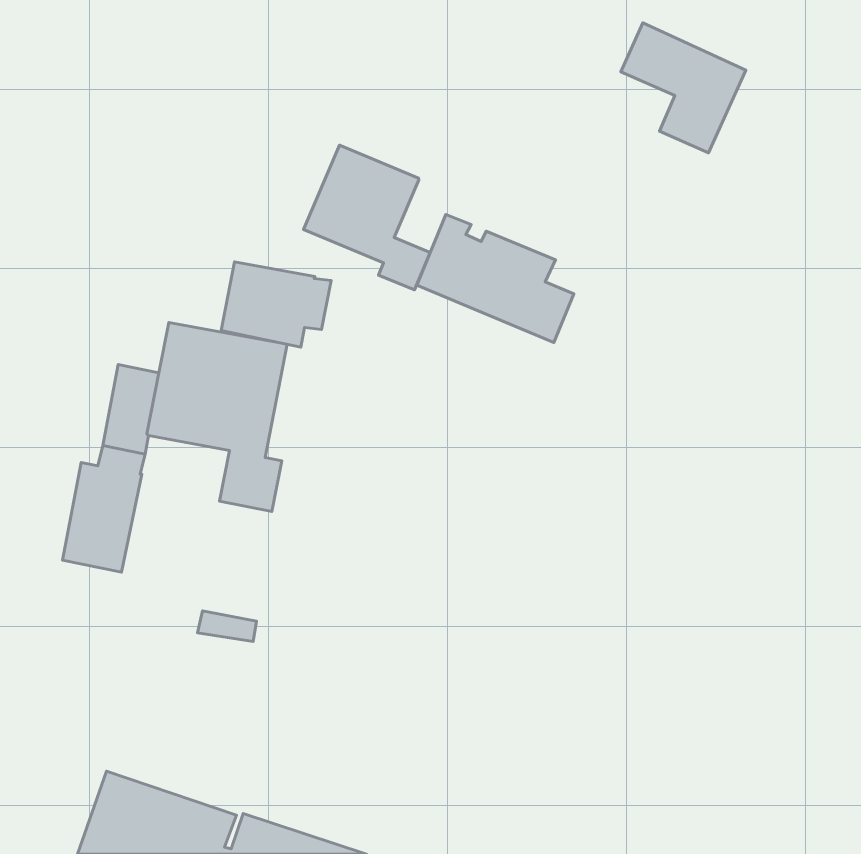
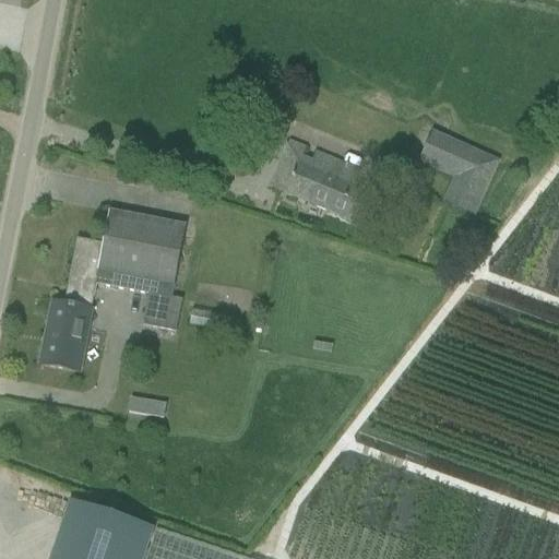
building: [621,23,746,153] -> [419,129,500,213]
building: [303,145,430,290] -> none
building: [221,262,331,347] -> none

